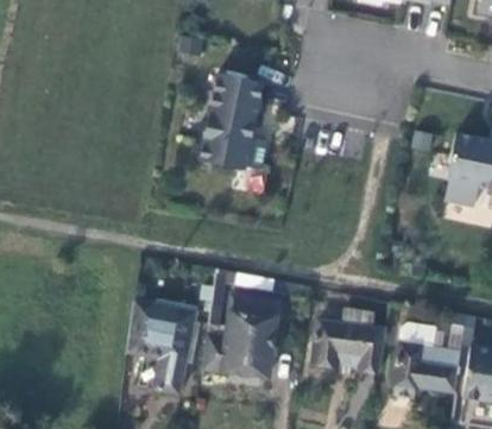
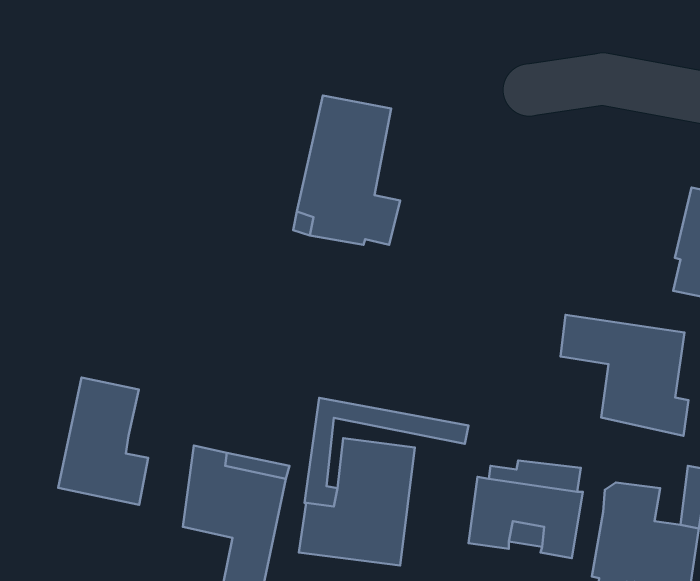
building: none -> [561,315,688,436]
building: none -> [58,378,148,505]

